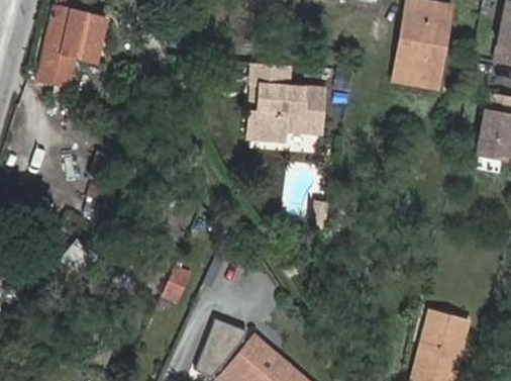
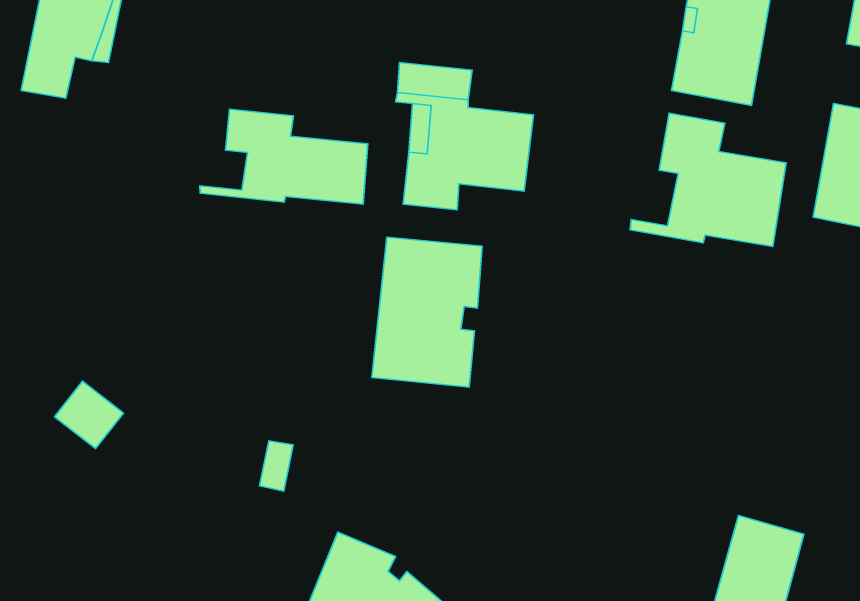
building: none -> [200,109,368,204]
building: none -> [630,113,786,246]
building: none -> [372,237,482,387]

